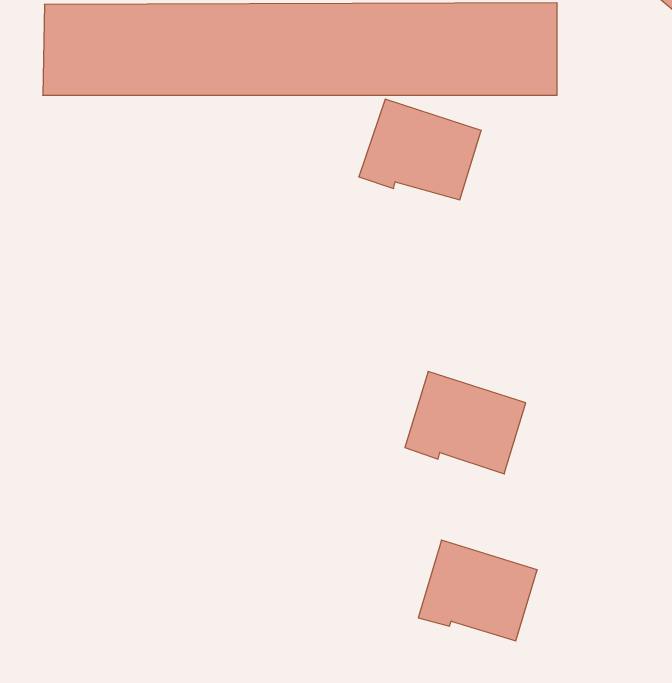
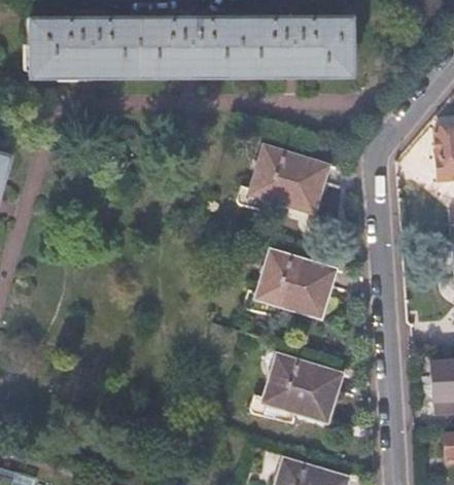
building: [359,99,481,200] -> [249,144,325,207]

